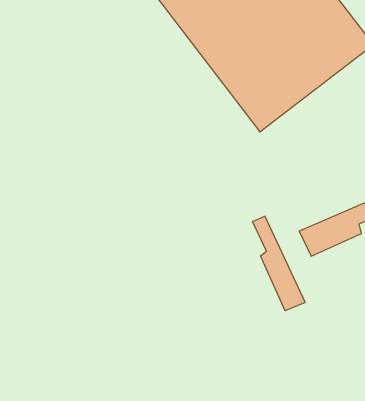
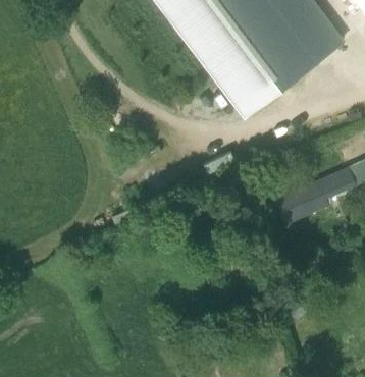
building: [253,216,305,311] -> none

